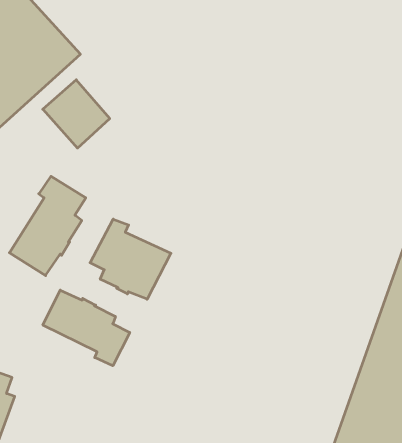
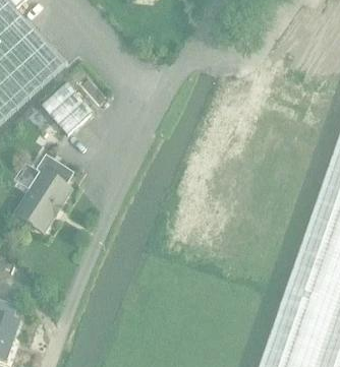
building: [90,219,171,299] -> none
building: [43,290,130,366] -> none

